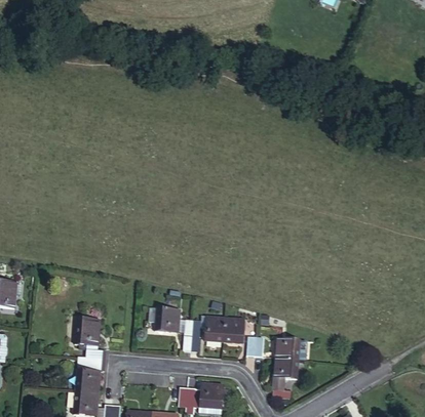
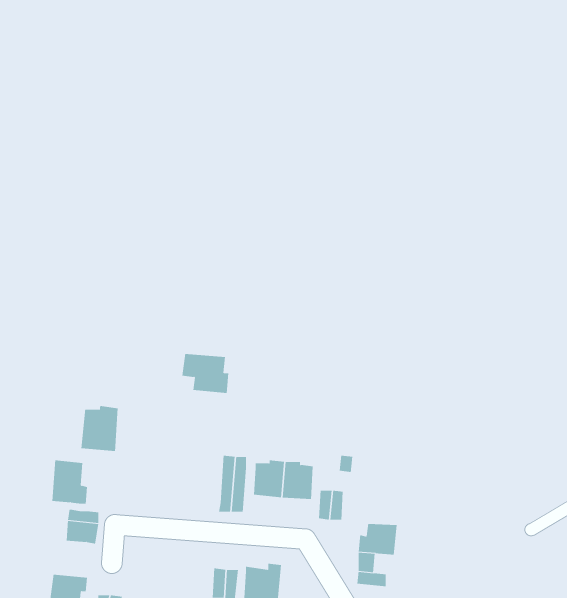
building: none -> [81,405,118,452]
building: [148,306,179,332] -> [181,354,229,393]
building: [276,337,300,359] -> none
building: [76,368,100,392] -> none

